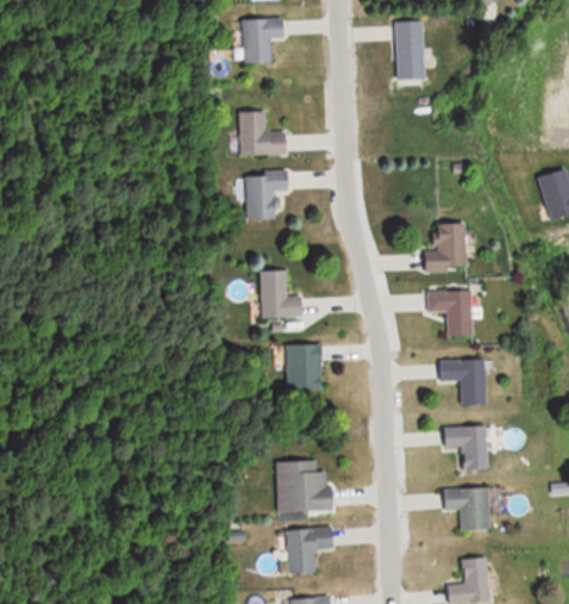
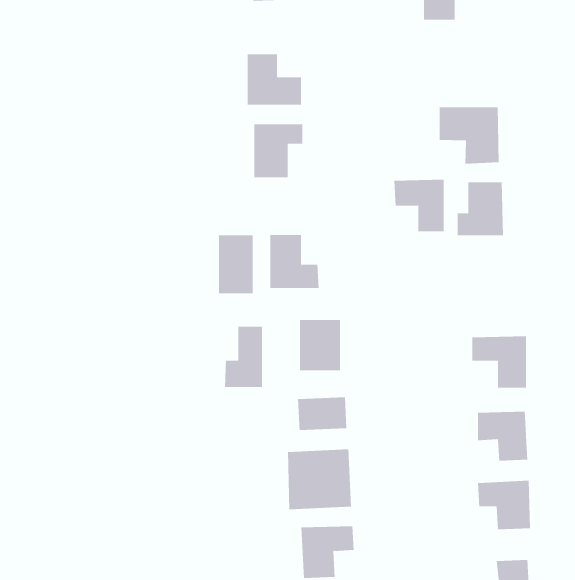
building: none -> [439,106,499,164]
building: none -> [218,234,253,294]
building: [426,289,471,336] -> [393,179,445,232]
building: none -> [224,326,263,388]
building: none -> [298,397,347,431]

